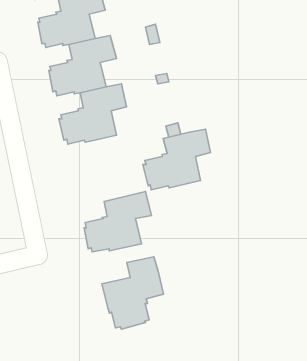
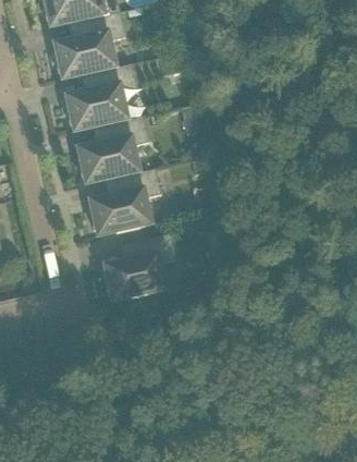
building: [143,129,211,190] -> [87,168,160,233]
building: [102,257,163,329] -> none

